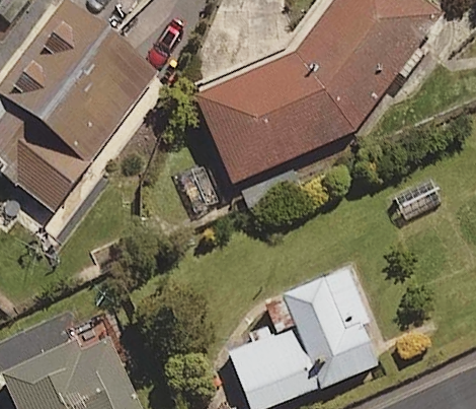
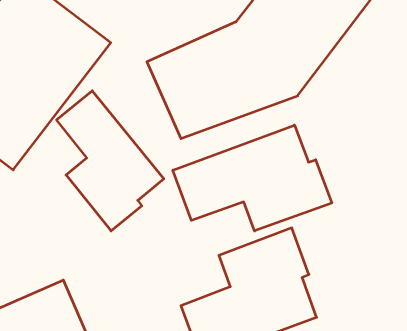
building: none -> [57,91,164,231]
building: none -> [173,125,332,231]

